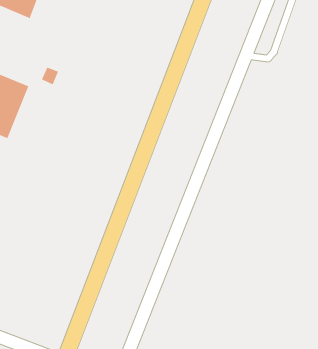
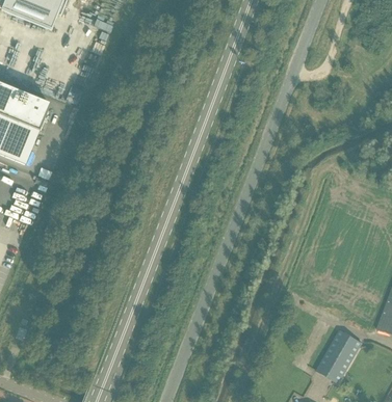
building: none -> [315,327,362,380]

